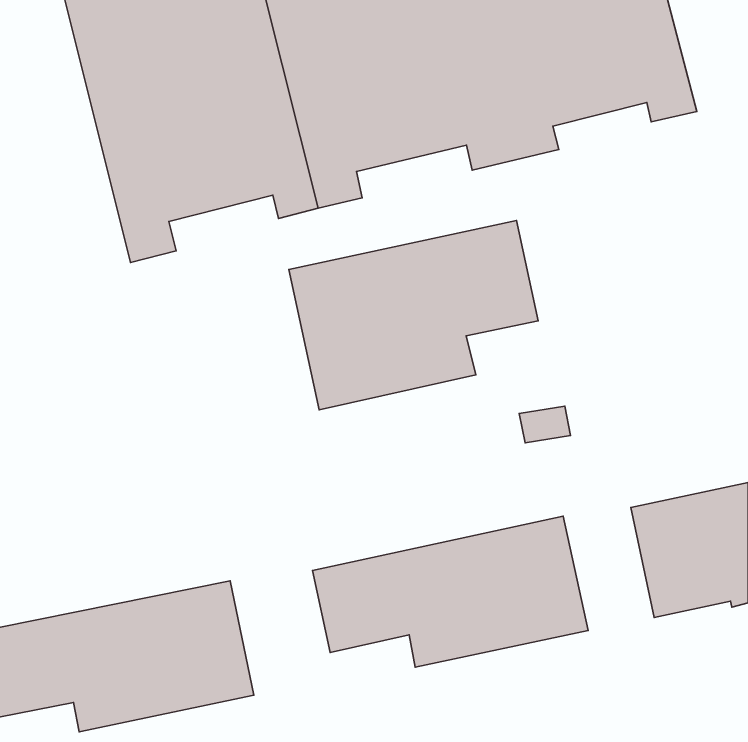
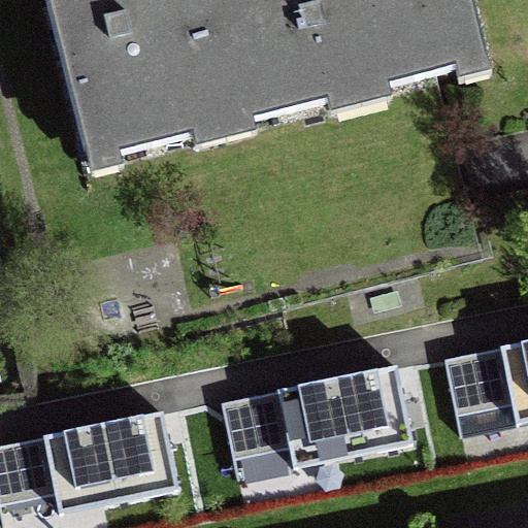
building: [289,220,538,410] -> none

